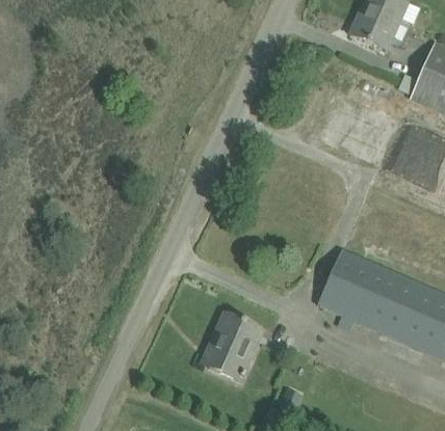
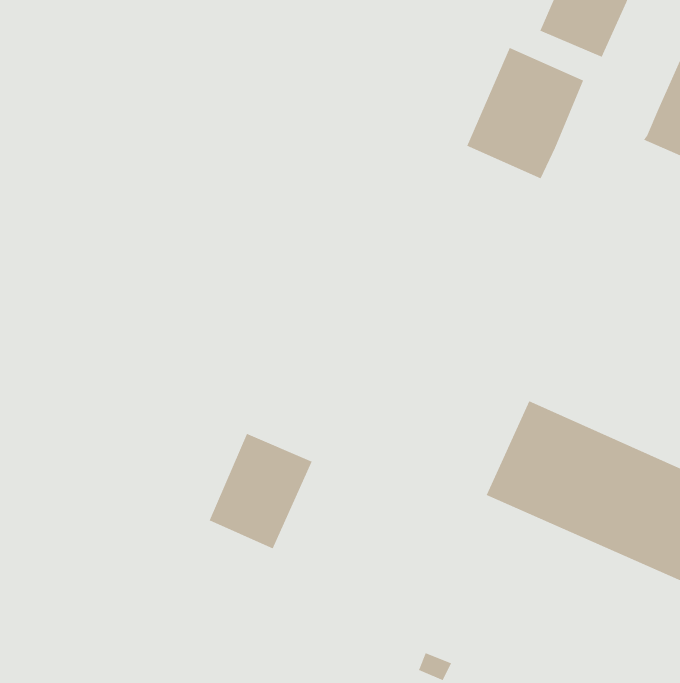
building: none -> [466,47,584,179]
building: [203,313,263,380] -> [209,433,313,549]

